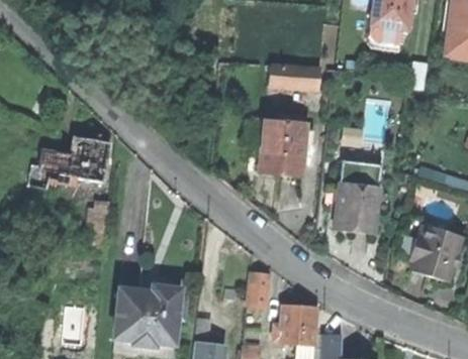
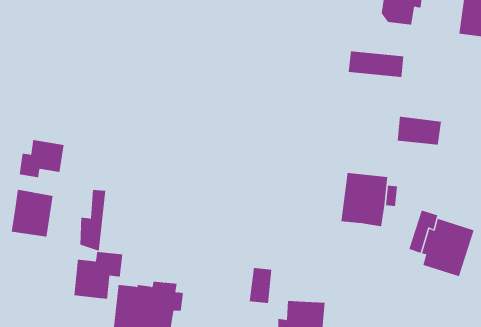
building: [268,62,321,87] -> [348,51,404,78]
building: [259,120,305,175] -> none
building: [68,136,108,182] -> [11,189,53,237]
building: [339,159,381,187] -> [397,116,442,145]
building: none -> [74,251,123,299]

